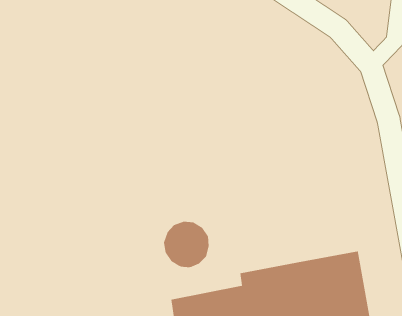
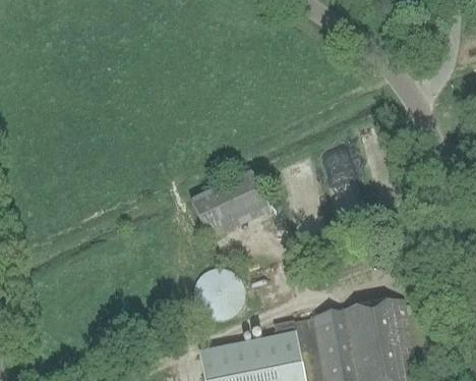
building: none -> [189,170,269,239]

